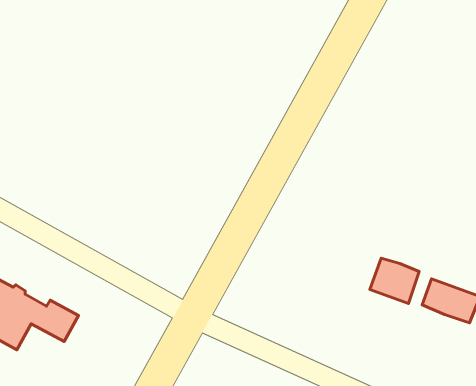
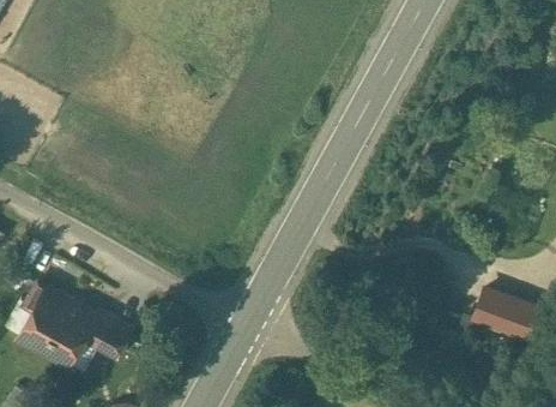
building: [370,258,419,304] -> none

